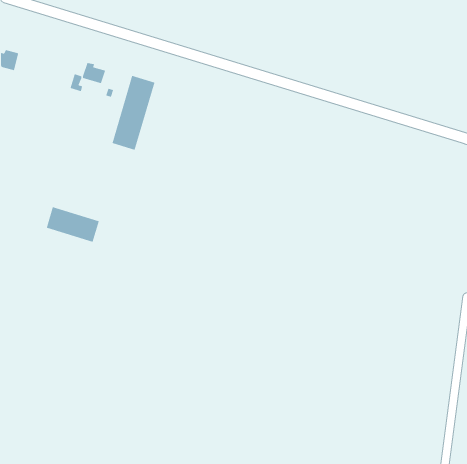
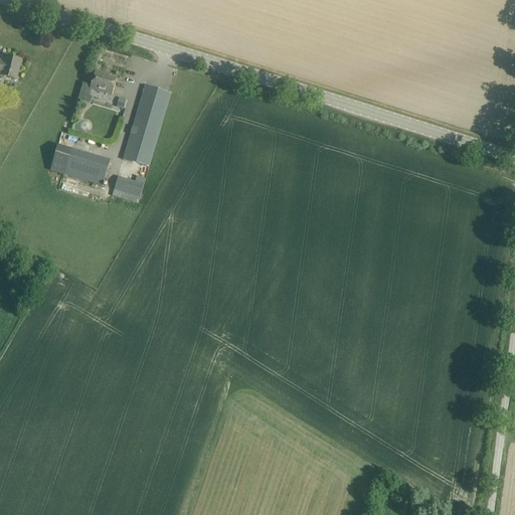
building: none -> [113,176,144,201]
building: [46,206,100,243] -> [50,144,110,184]

